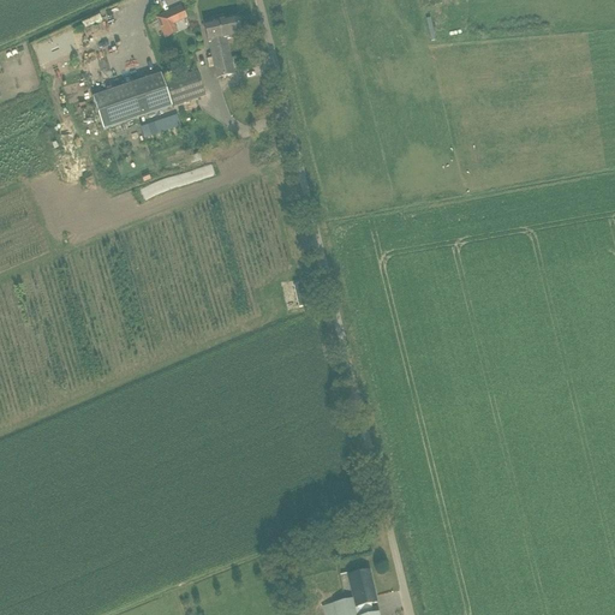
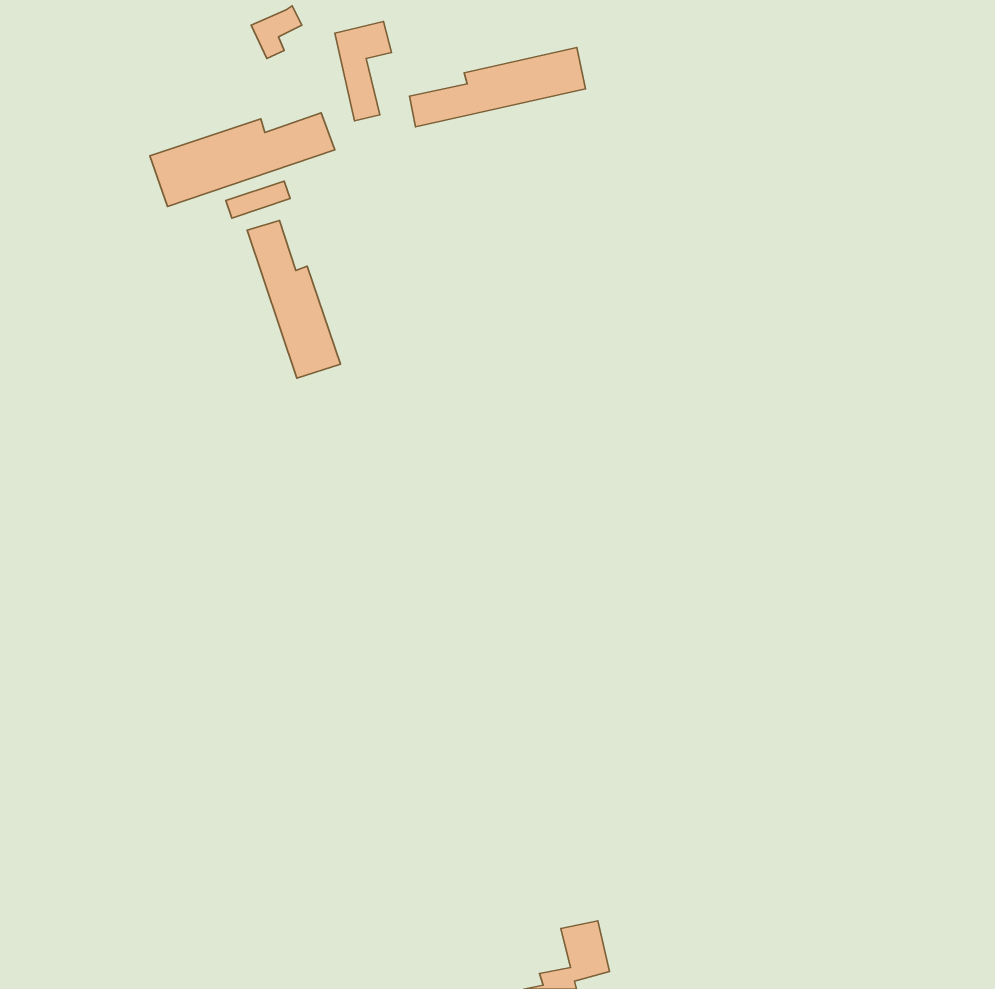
building: none -> [410,48,586,127]
building: none -> [247,220,340,378]

